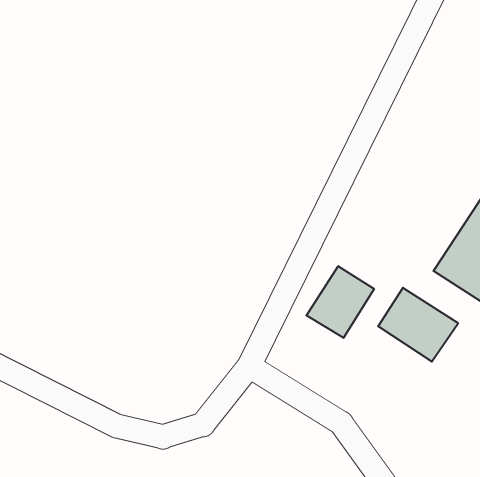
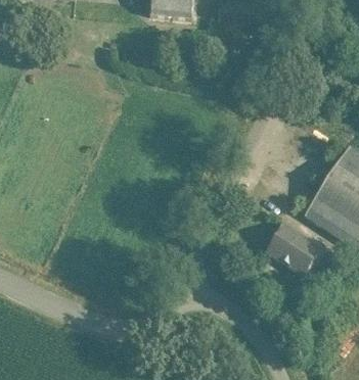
building: [306,266,374,338] -> none

